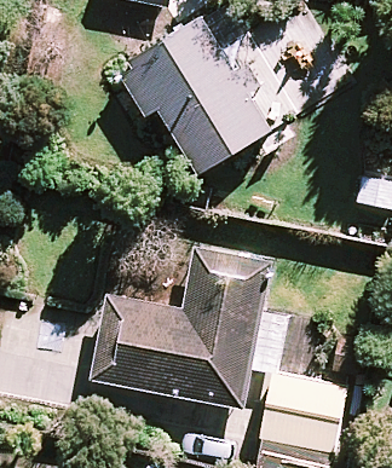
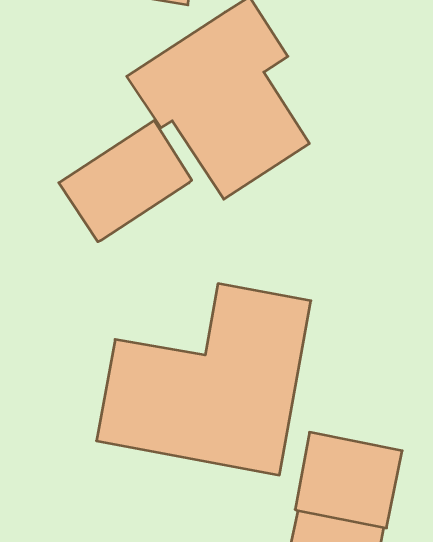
building: none -> [59,120,192,242]

